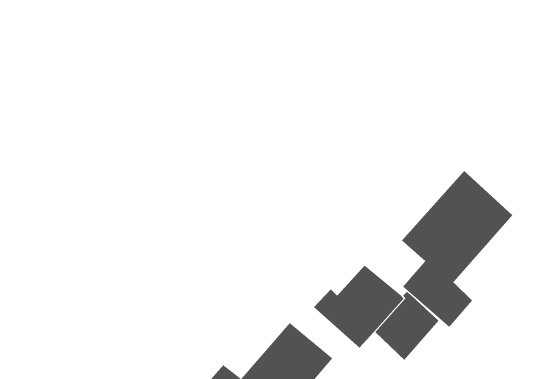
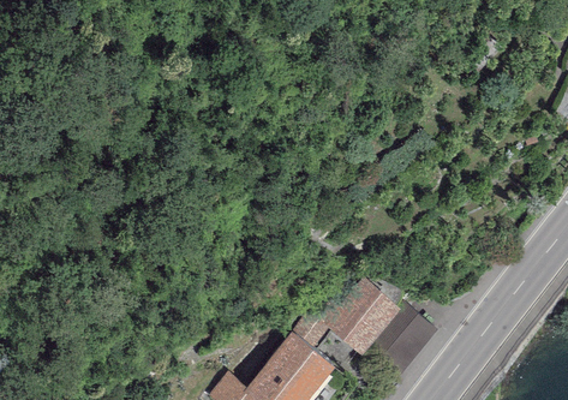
building: [401,170,513,328] -> none

